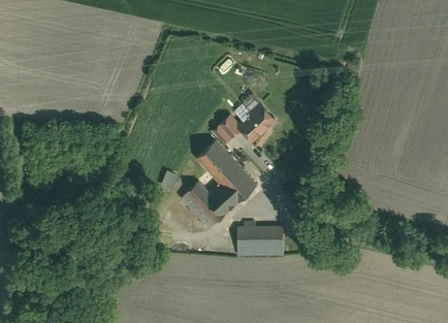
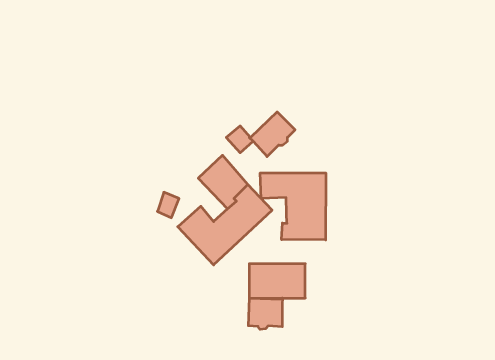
building: none -> [260,173,326,240]
building: none -> [248,298,282,329]

